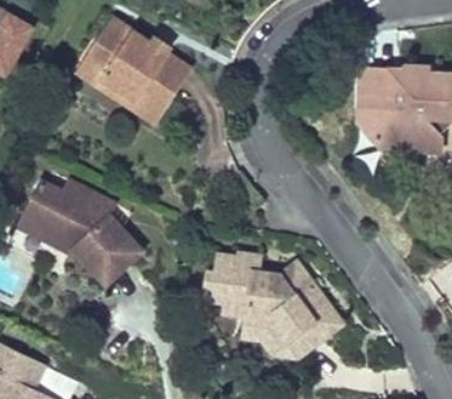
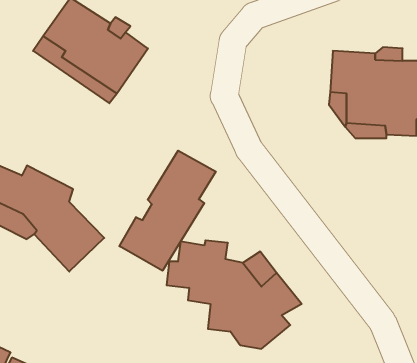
building: none -> [119,151,216,271]

